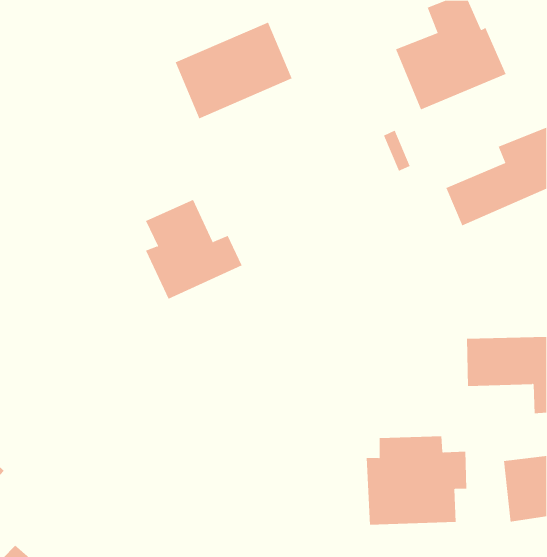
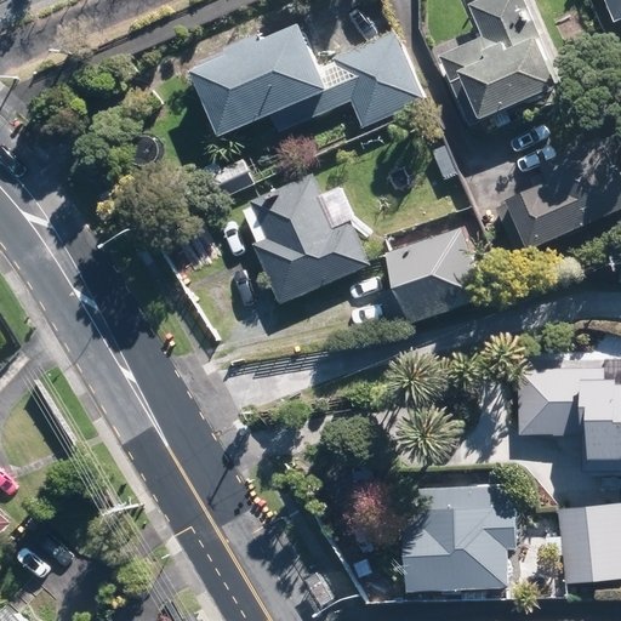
building: none -> [332,36,418,125]
building: [145,199,242,299] -> [256,187,364,298]
building: none -> [383,232,482,318]

